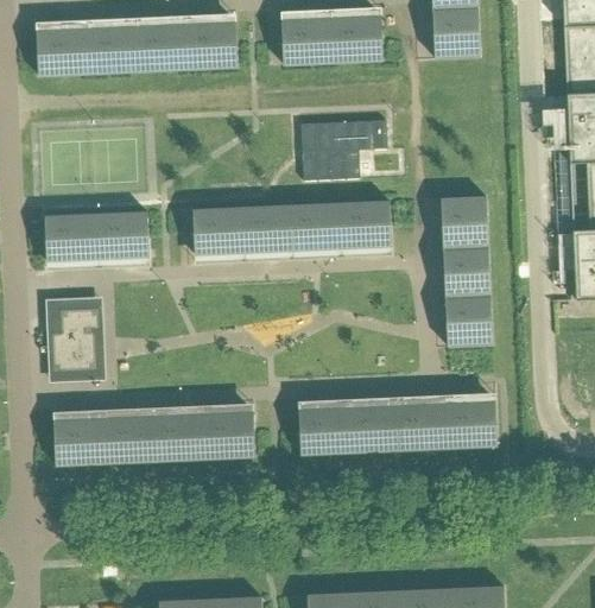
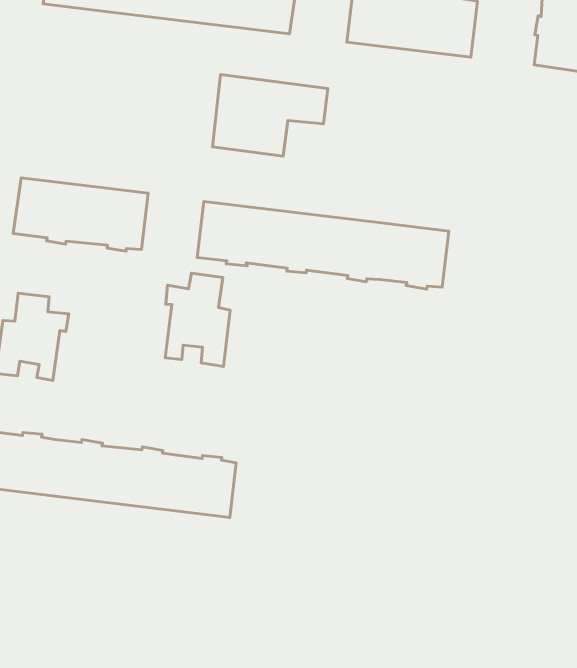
building: [302,119,390,180] -> [213,75,328,156]
building: [439,195,493,346] -> none
building: none -> [165,273,230,366]
building: [299,398,498,454] -> none

